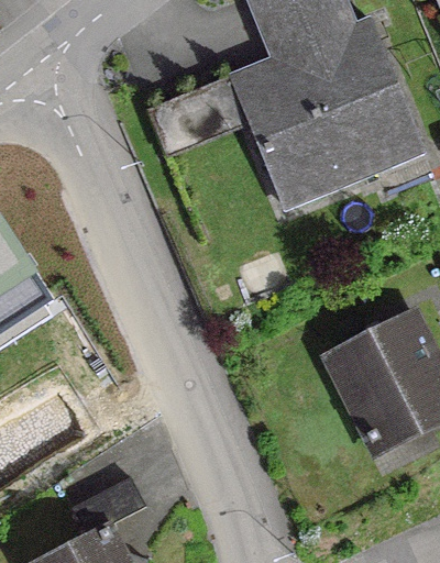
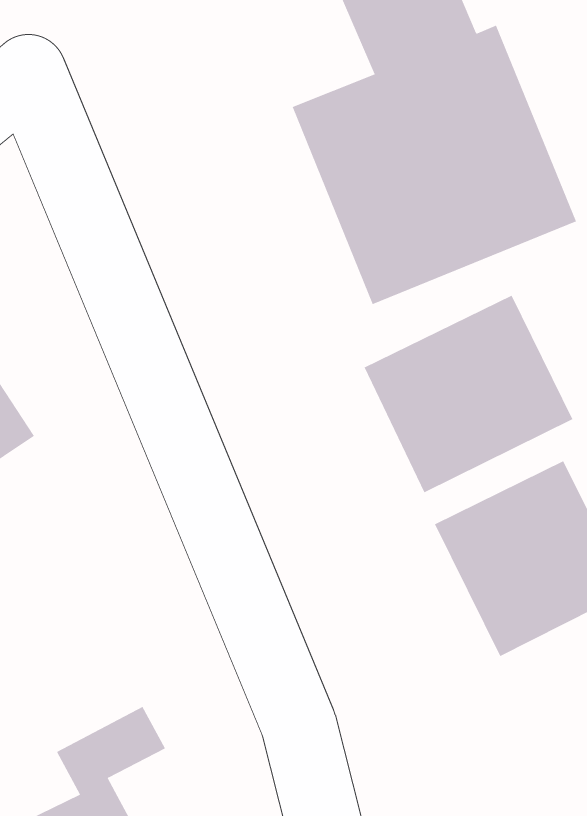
building: none -> [364,295,573,493]

